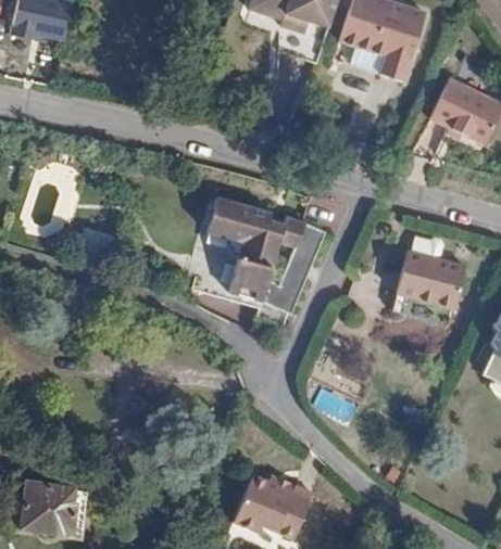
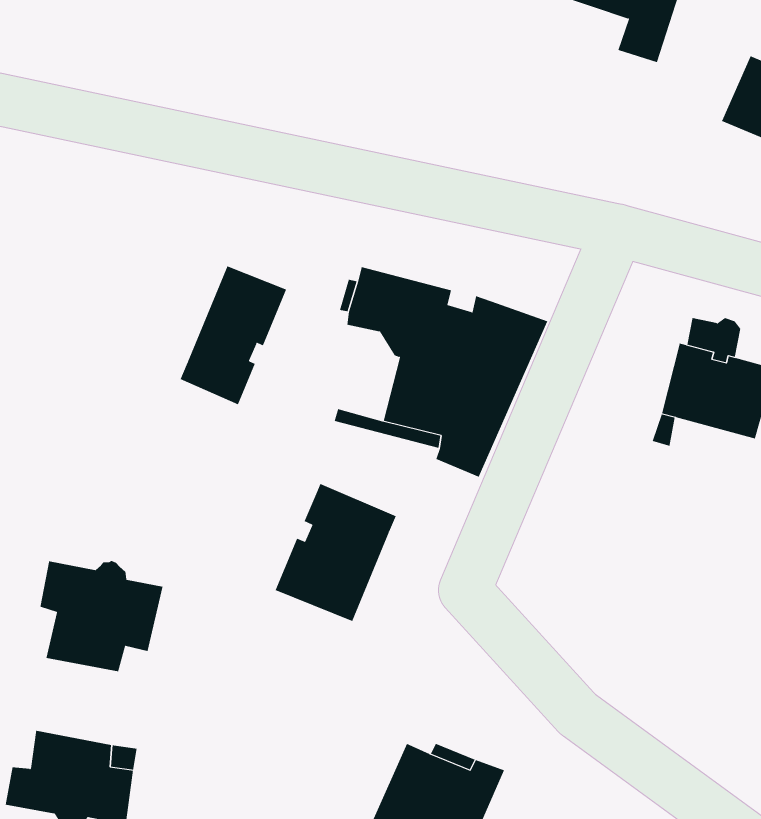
building: none -> [180,265,287,405]
building: none -> [275,483,397,622]
building: none -> [40,560,163,672]

